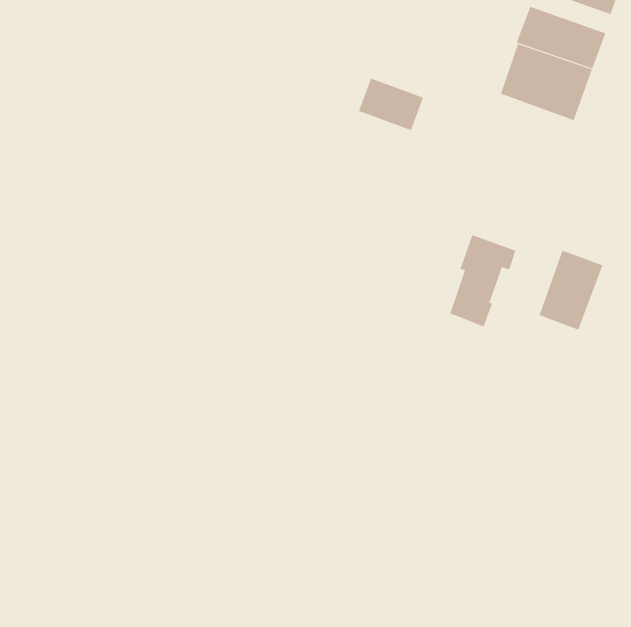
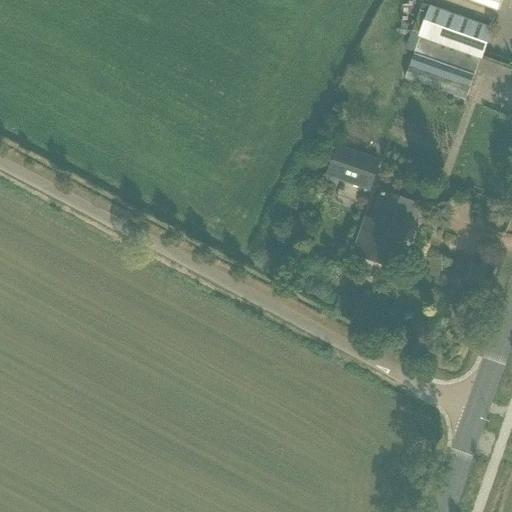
building: [358,78,424,131] -> [326,145,379,188]
building: [539,250,603,330] -> none

